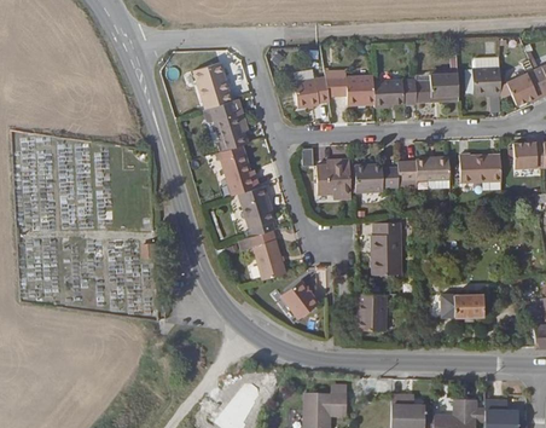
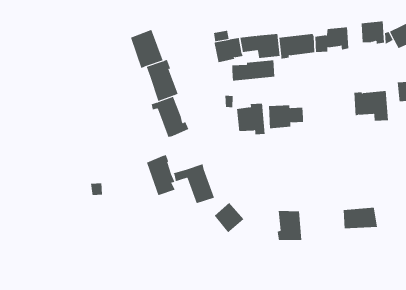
building: [400,157,452,180] -> [231,60,275,81]
building: [242,185,275,235] -> [146,154,176,196]
building: [372,220,401,273] -> none

